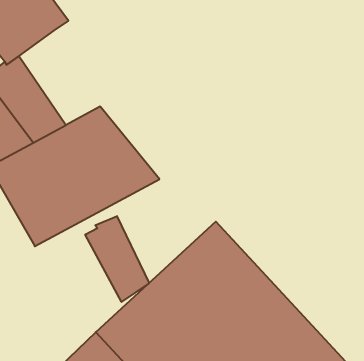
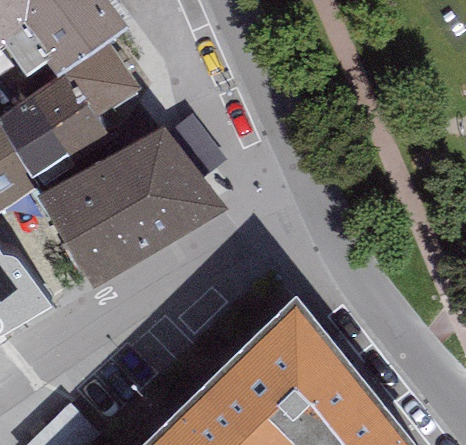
building: none -> [69,68,161,175]
building: [85,216,149,302] -> none

